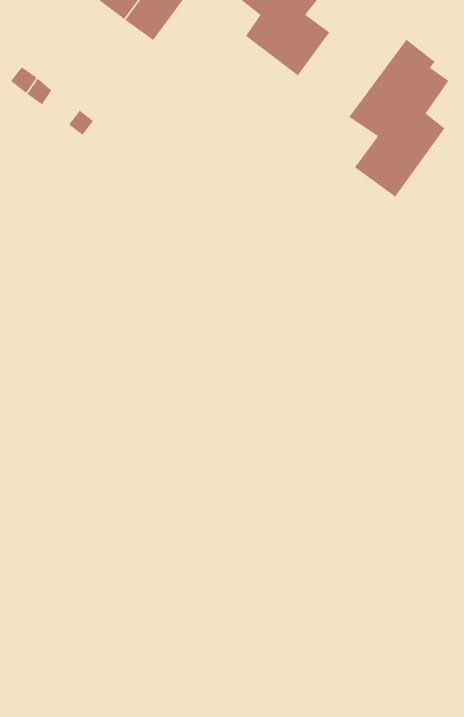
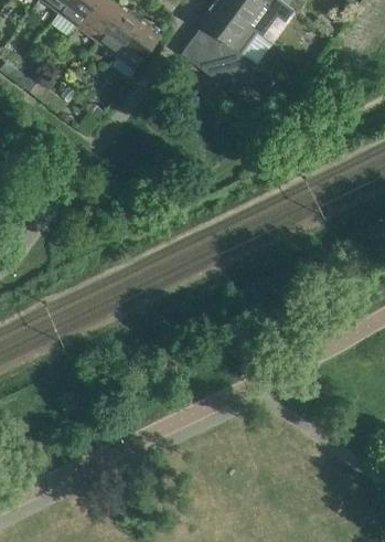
building: [349,39,449,197] -> none

